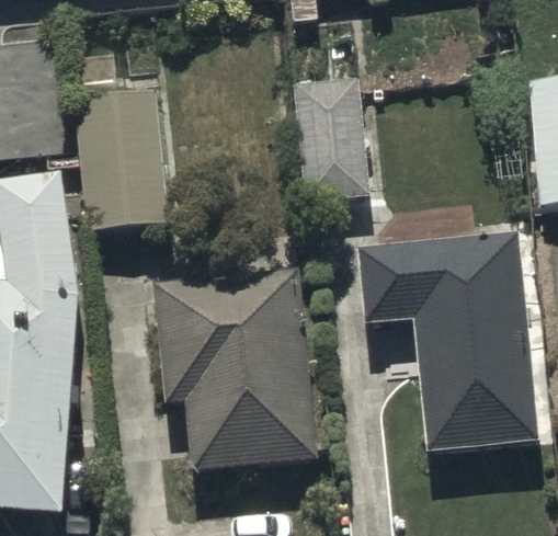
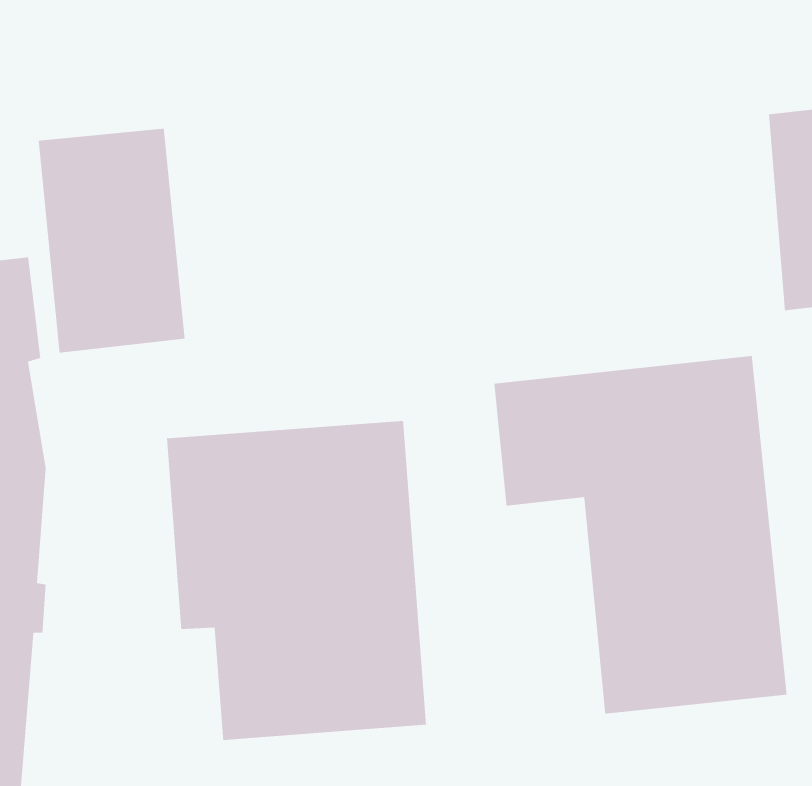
building: [292,75,366,196] -> none

